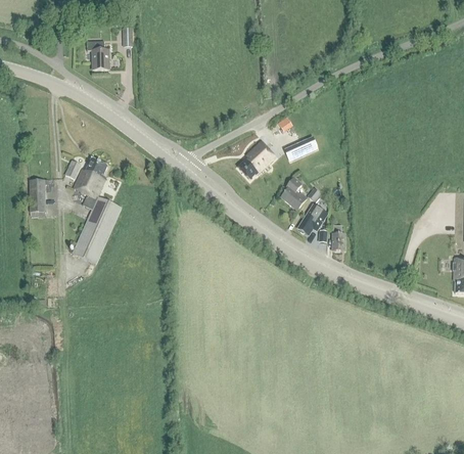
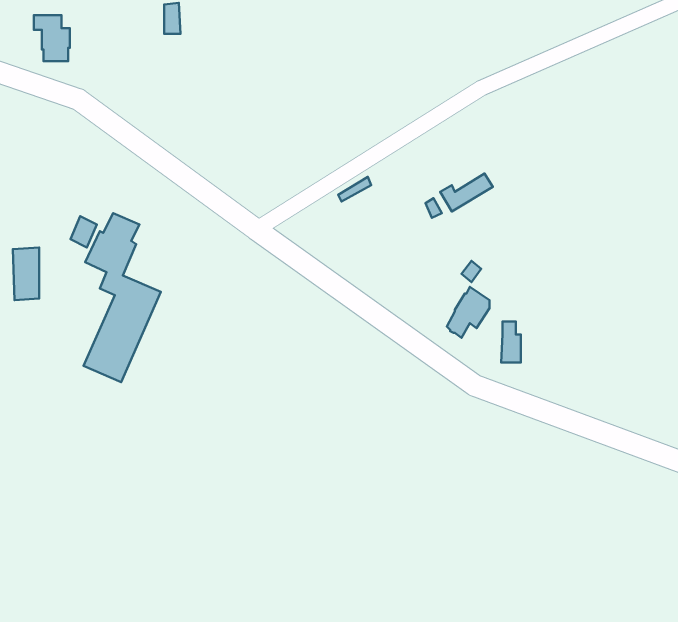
building: [87,41,109,70] -> [34,15,70,61]
building: [237,140,276,179] -> none
building: [280,177,307,210] -> none

